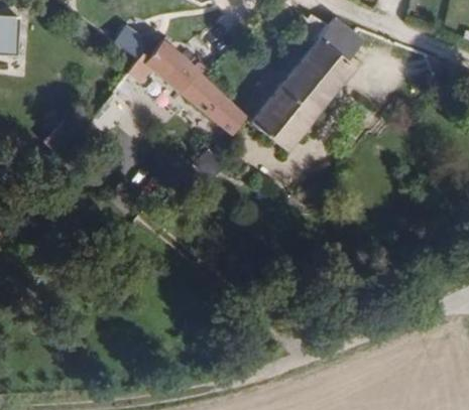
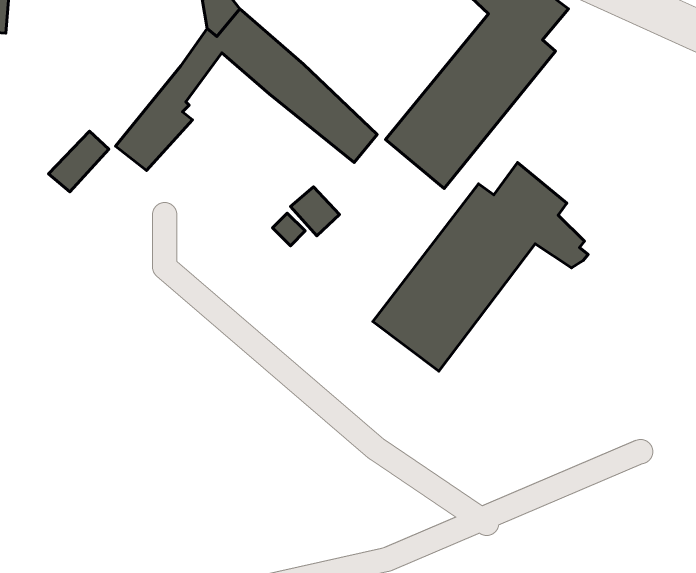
building: none -> [373,163,588,371]

